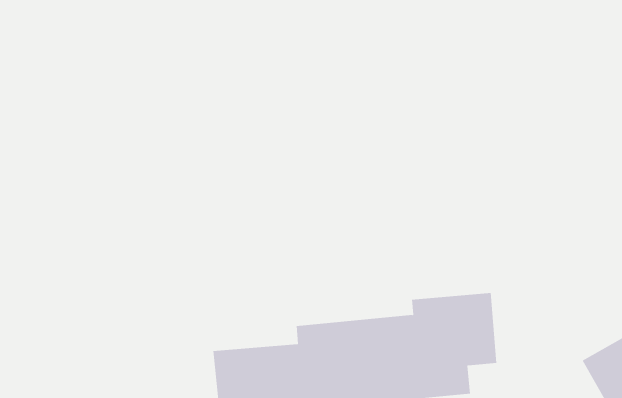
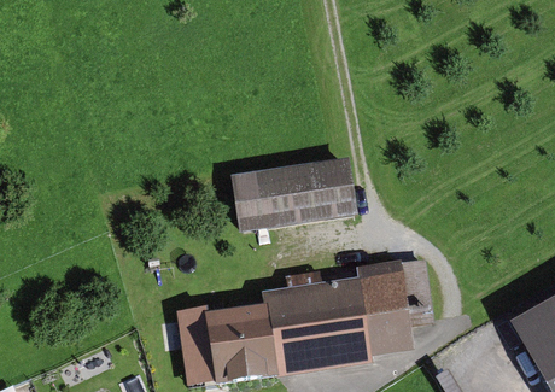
building: none -> [230,159,356,229]

